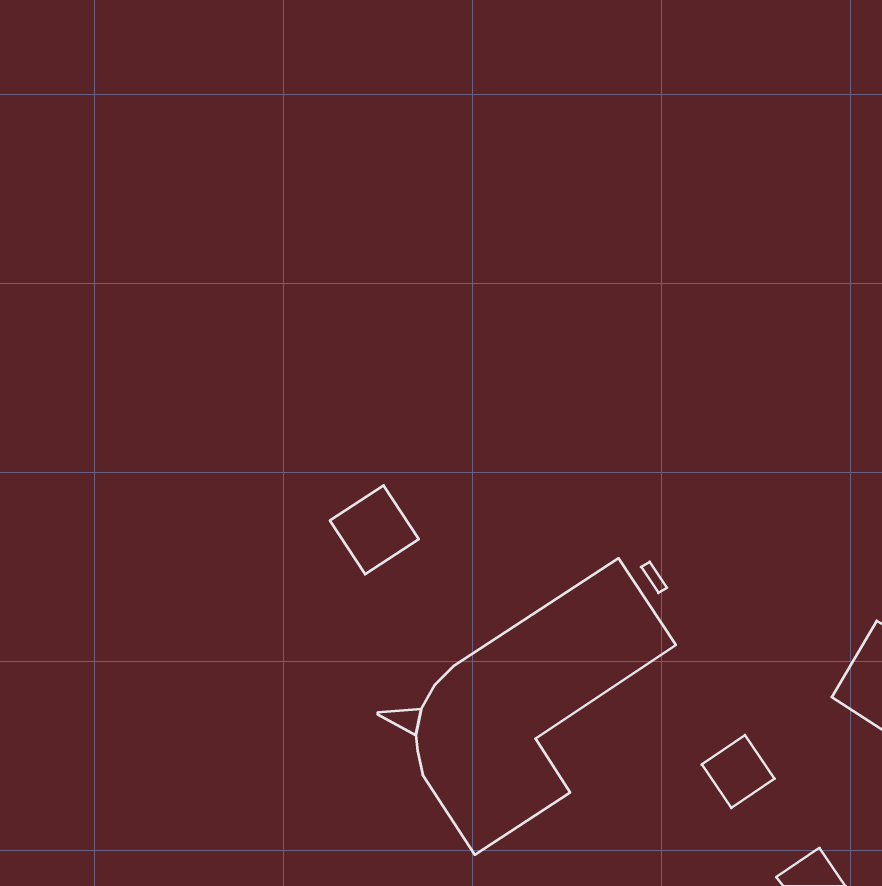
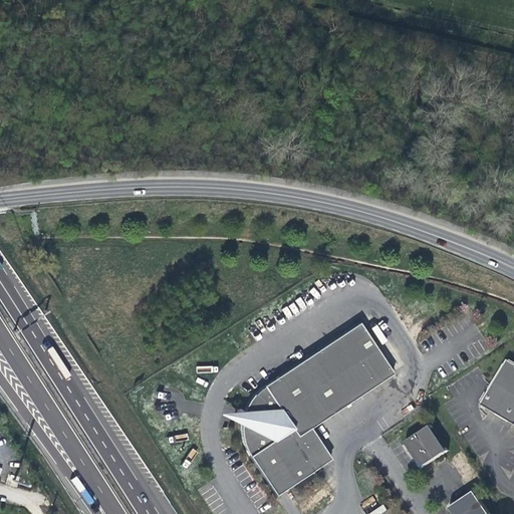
building: [330,485,419,574] -> none

